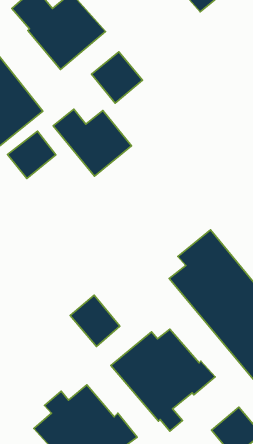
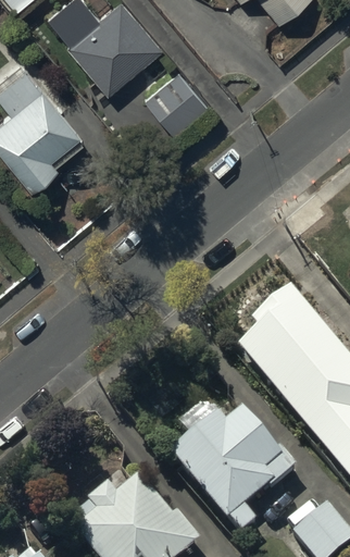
building: [53,109,132,176] -> none
building: [8,131,56,179] -> none
building: [70,295,120,346] -> none

